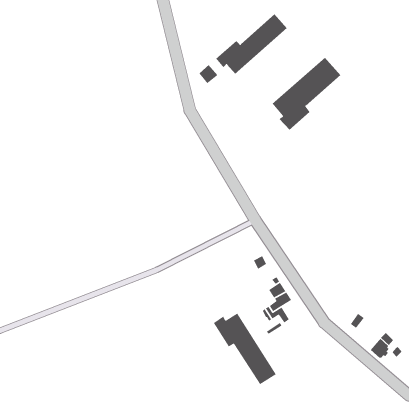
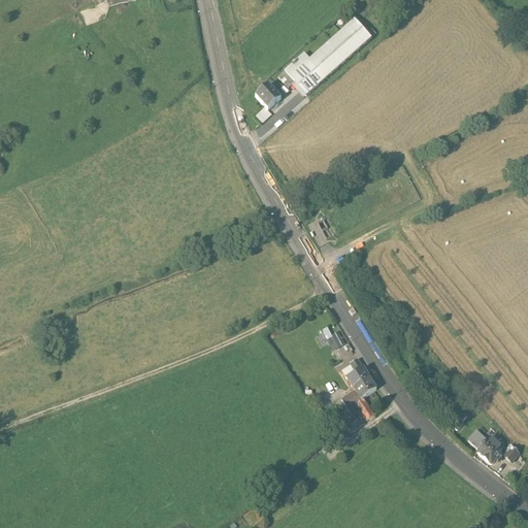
building: [271,57,341,131] -> none
building: [213,313,277,385] -> none

